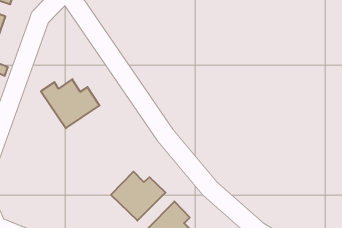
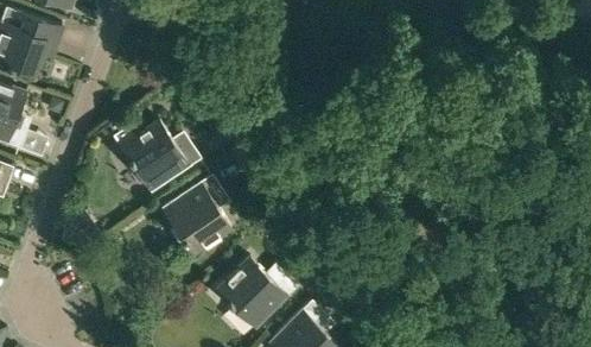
building: none -> [160,175,230,253]

